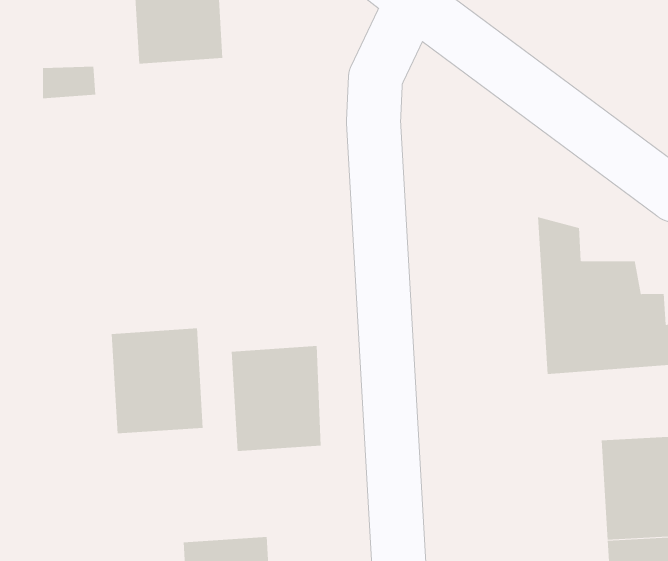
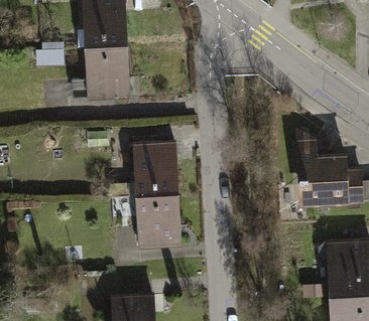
building: none -> [73,44,133,101]
building: [111,328,203,434] -> [131,142,179,197]

